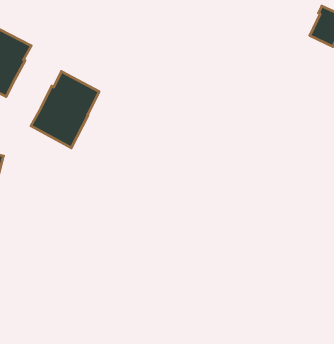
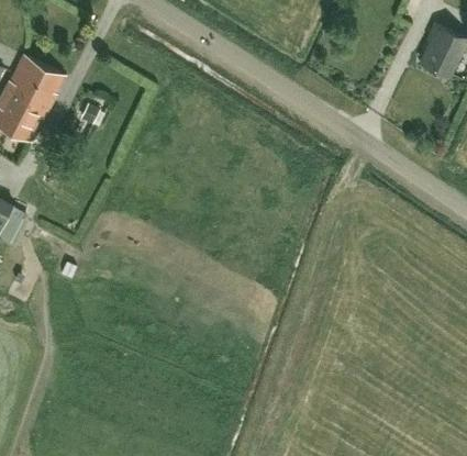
building: [31,71,99,148] -> none

